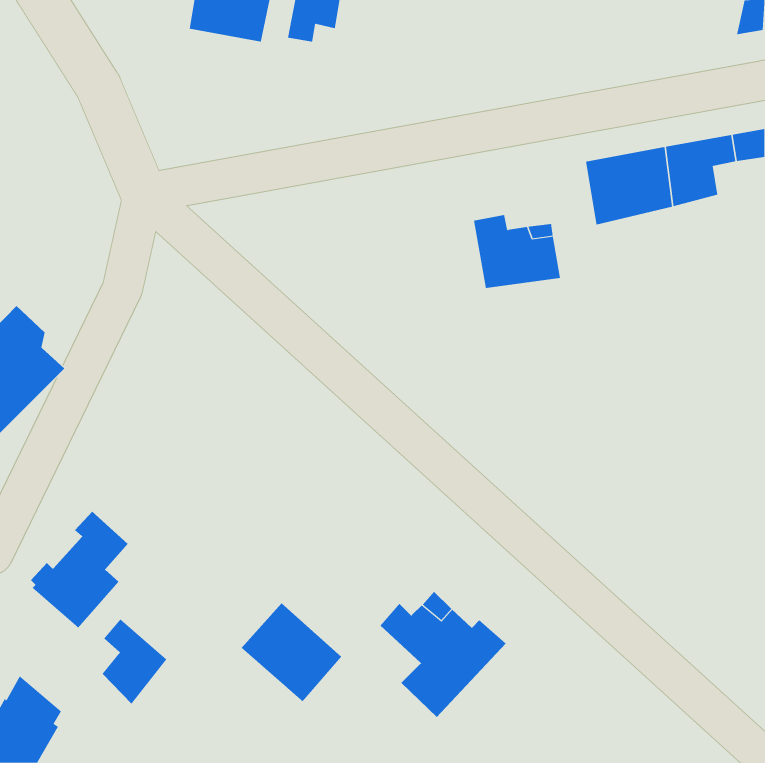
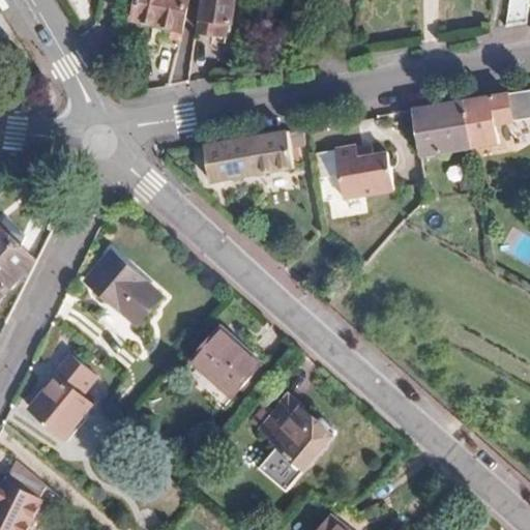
building: none -> [194,136,285,187]
building: none -> [94,255,172,338]
building: [241,603,342,702] -> [205,334,274,403]
building: [102,619,167,705] -> none

